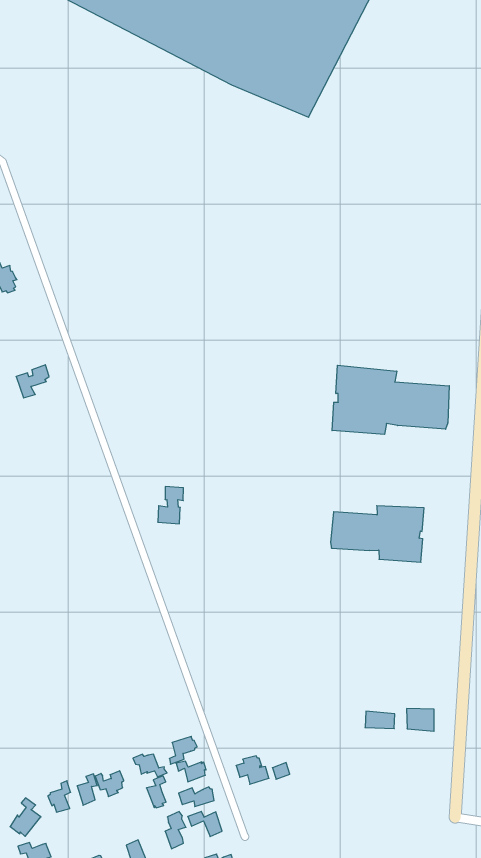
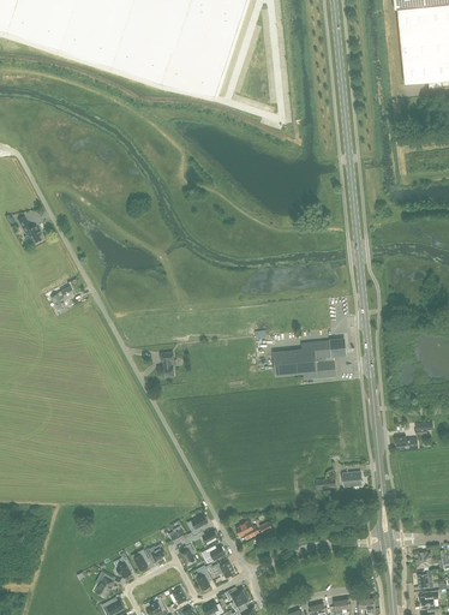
building: [332,365,449,434] -> none

